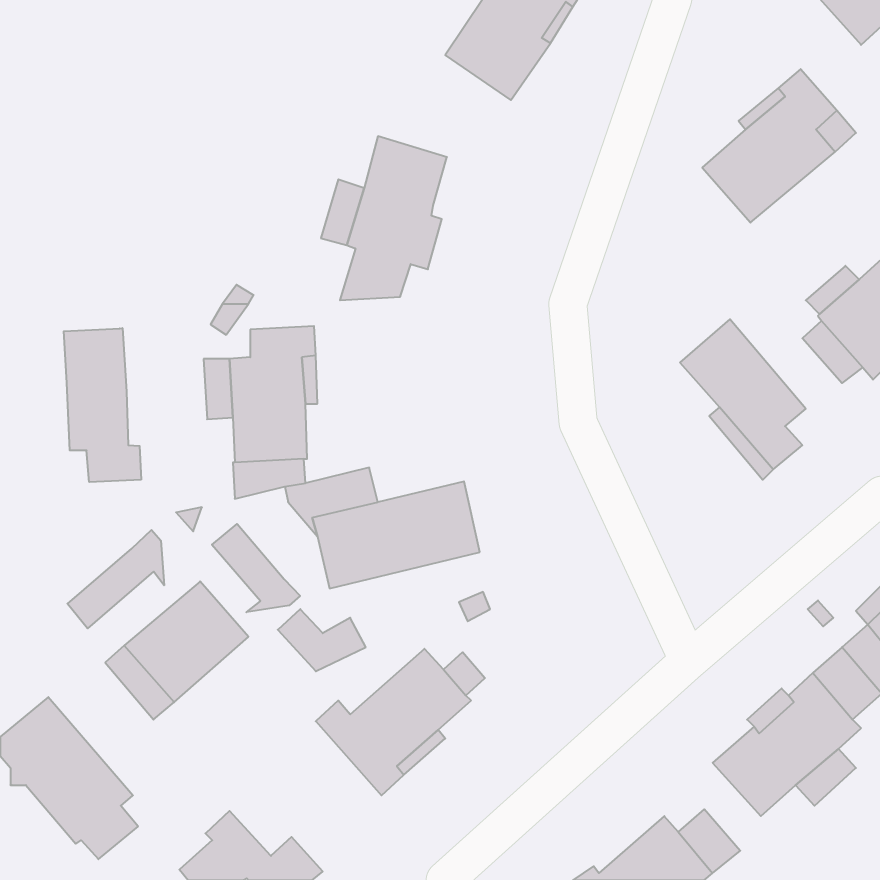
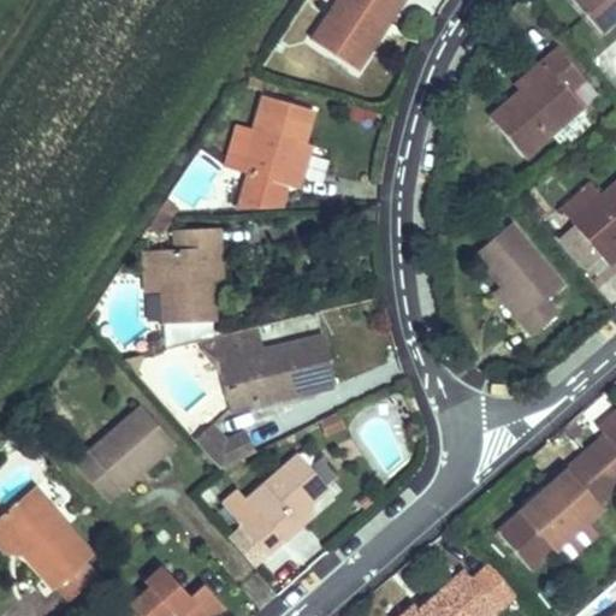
building: [64,328,141,482] -> none
building: [212,524,300,612] -> none
building: [67,530,164,628] -> none

